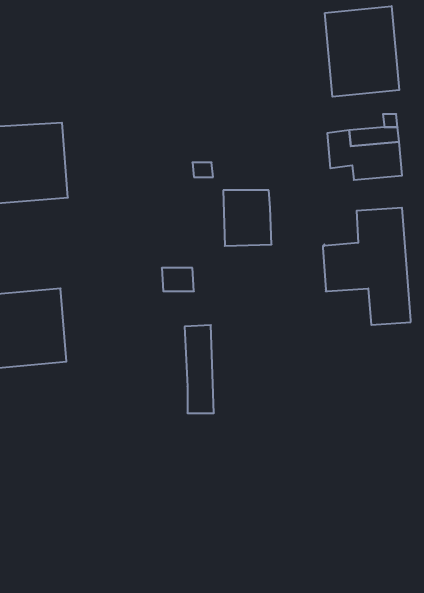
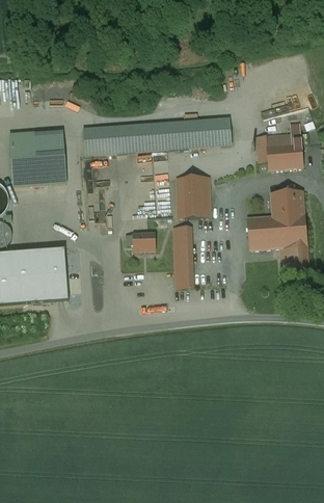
building: [325,6,399,97] -> none
building: none -> [83,117,232,155]
building: [185,325,214,413] -> [173,226,194,288]

